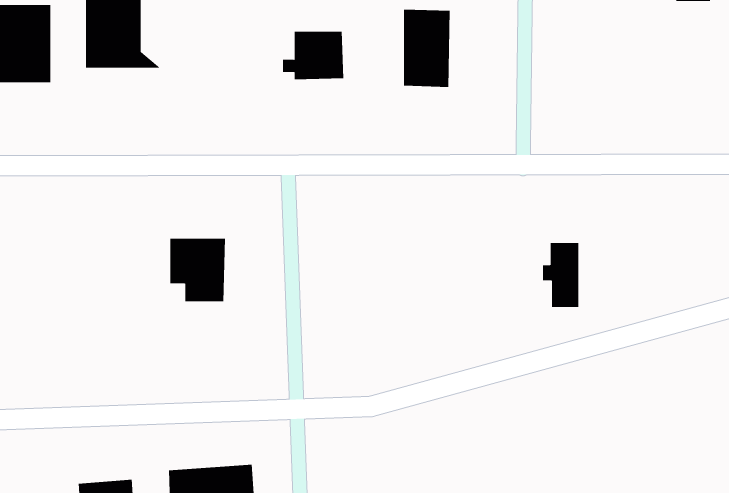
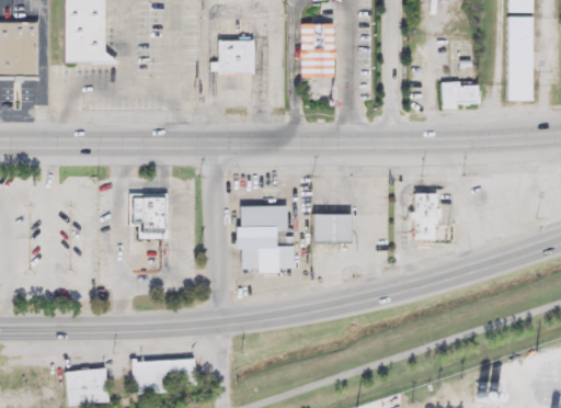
building: none -> [505,16,533,101]
building: none -> [439,82,478,107]
building: none -> [241,203,299,271]
building: none -> [318,211,356,242]

